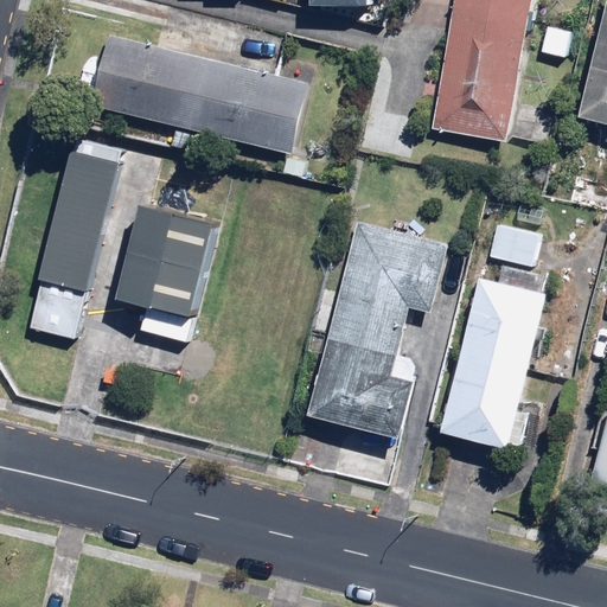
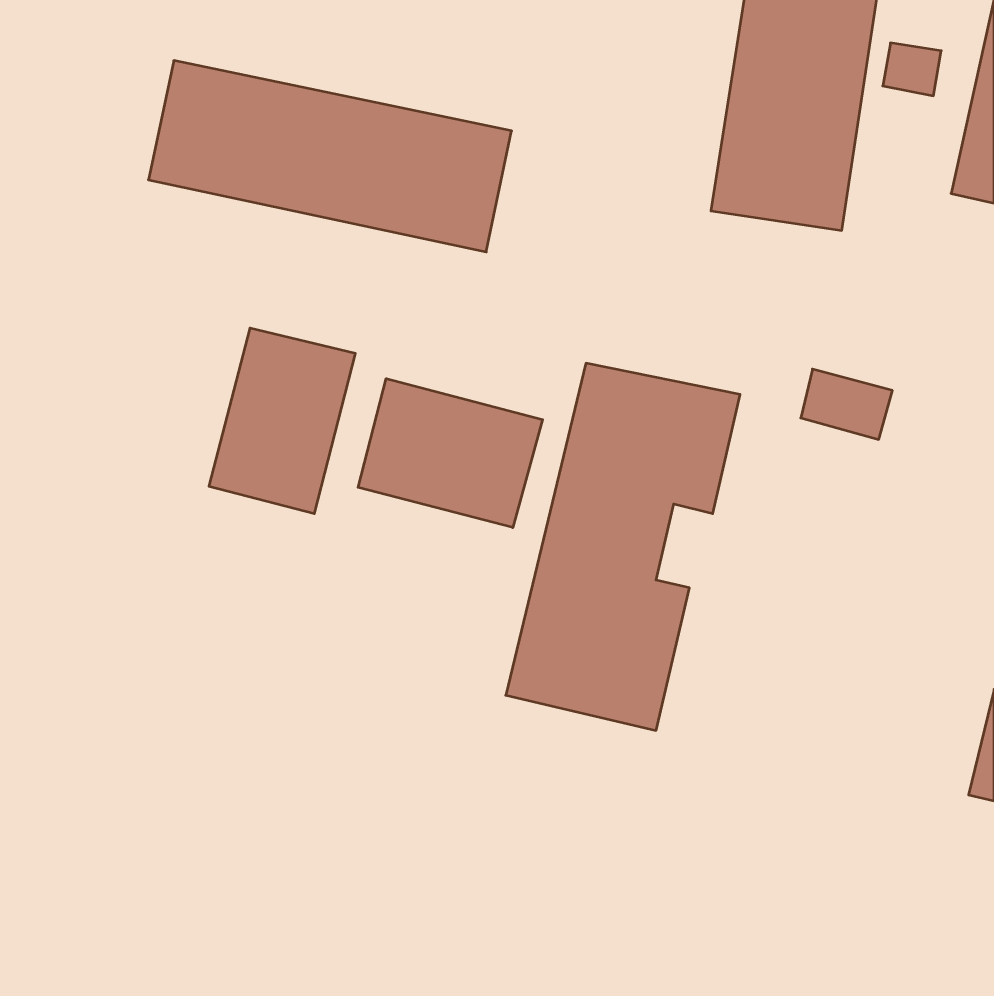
building: [28,151,121,339] -> none
building: none -> [358,379,543,528]
building: [440,266,551,451] -> none

